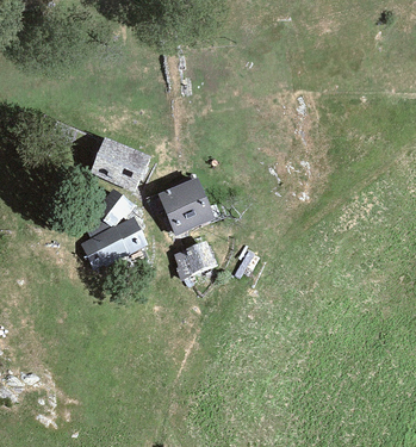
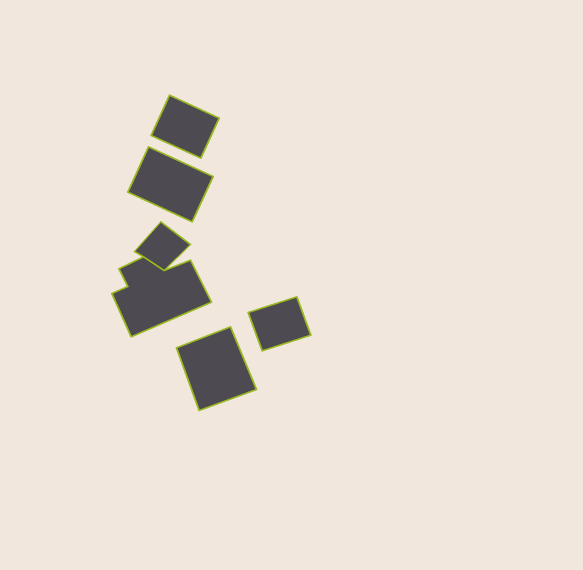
building: none -> [151,95,219,158]
building: [159,180,213,237] -> [176,327,257,410]

